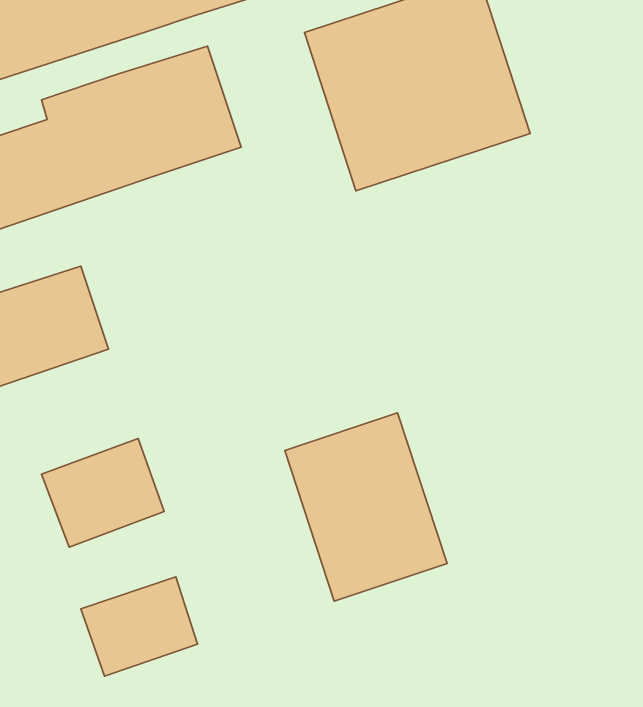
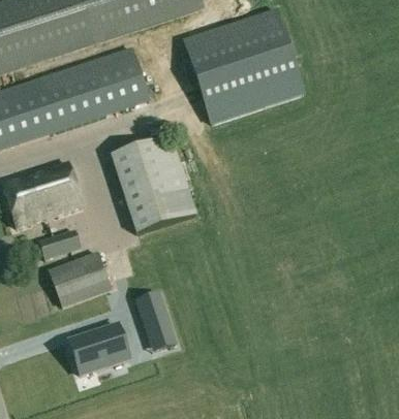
building: none -> [40,230,82,259]
building: [285,413,447,601] -> [112,135,196,233]
building: none -> [140,303,174,339]

